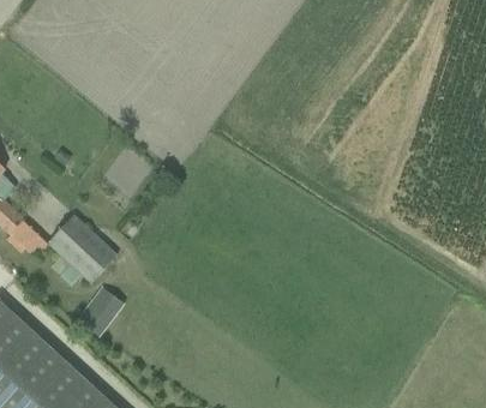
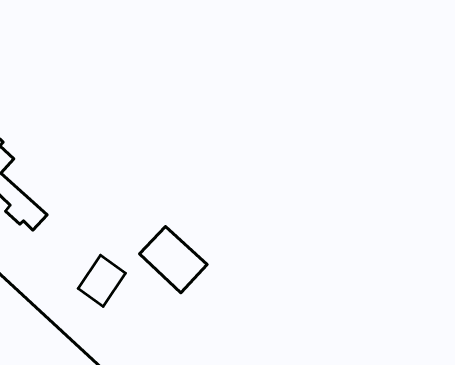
building: [48,216,116,283] -> [139,226,207,293]

